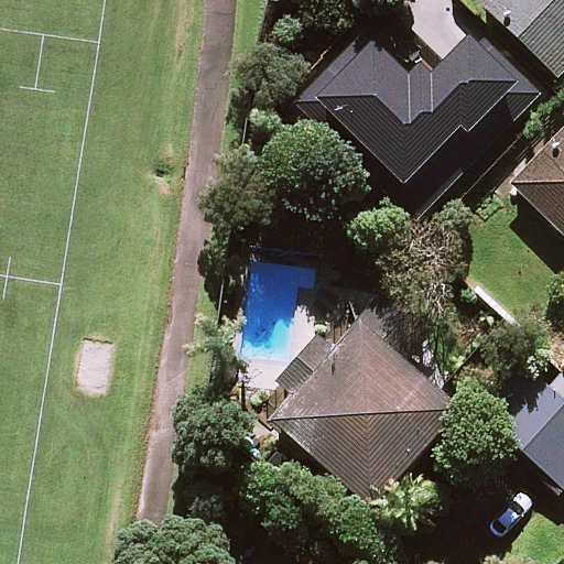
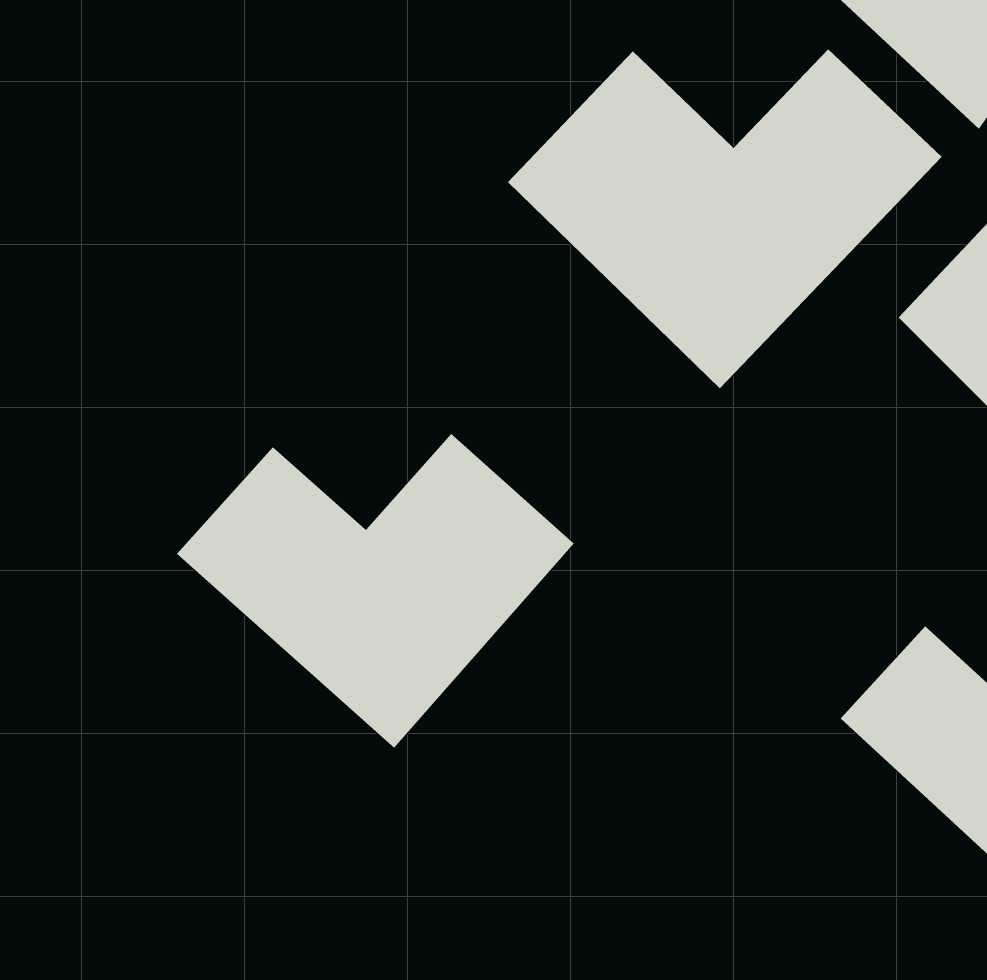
building: none -> [176,433,574,749]
building: [270,312,458,501] -> none

